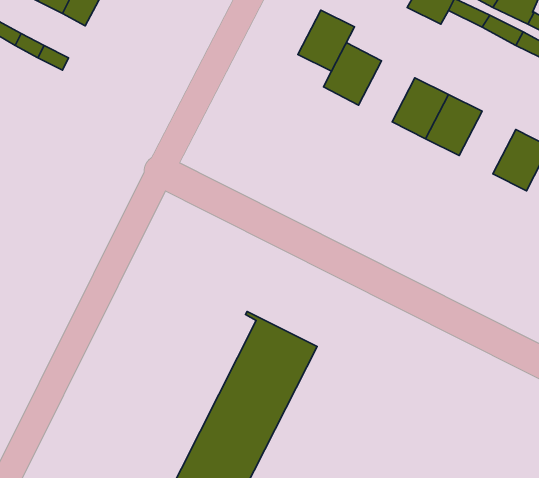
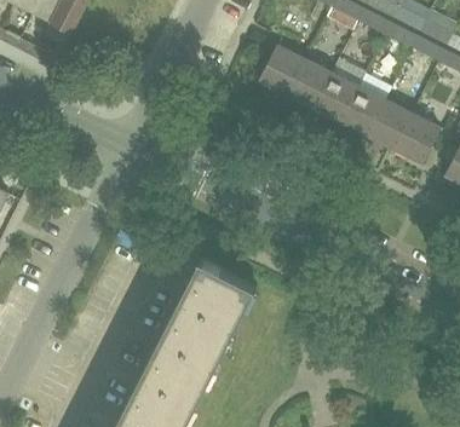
building: [298,10,354,71] -> [286,58,330,106]
building: none -> [366,98,410,148]

